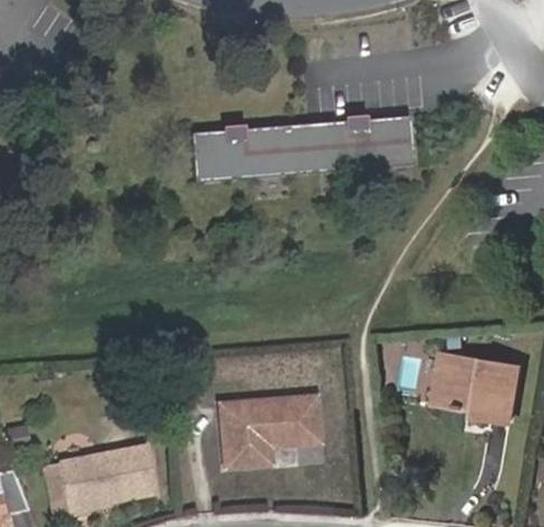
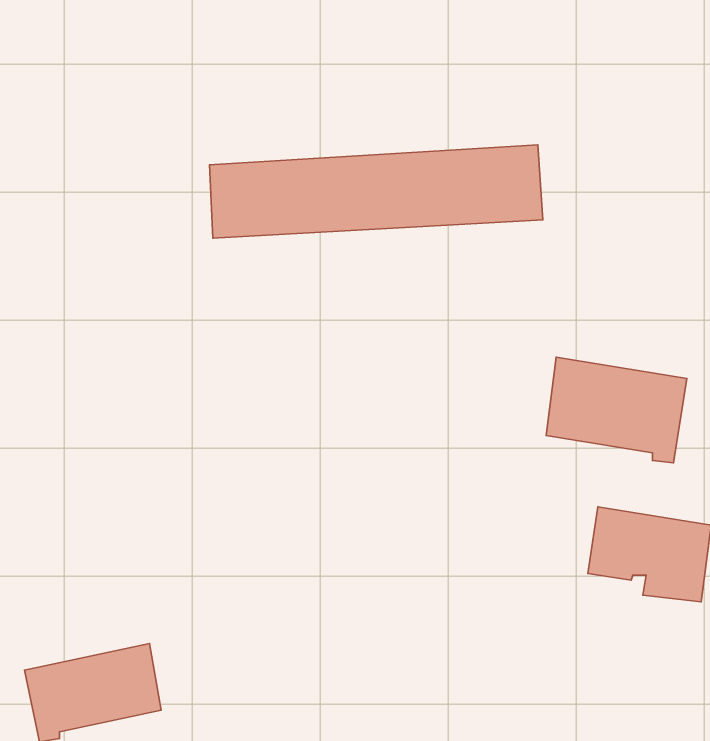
building: none -> [546,357,687,463]
building: [221,403,319,473] -> none

